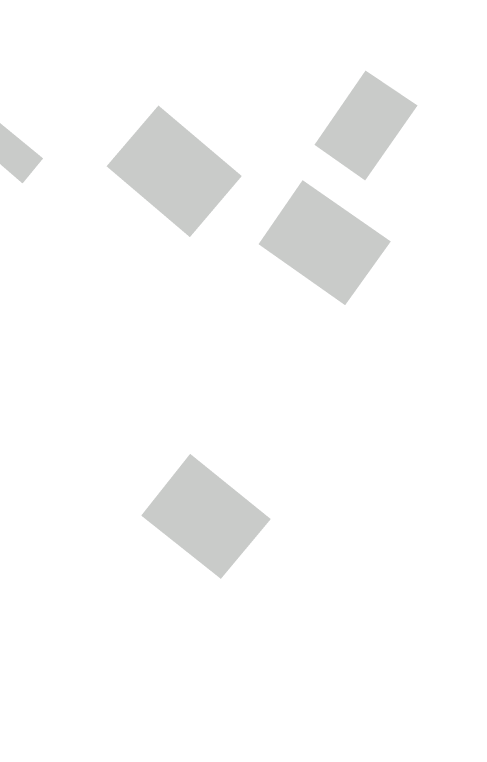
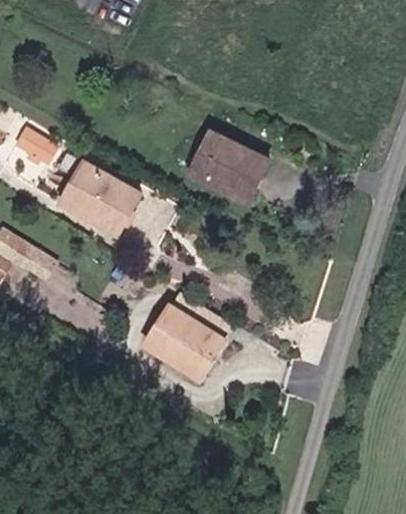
building: [313,70,418,182] -> none
building: [105,104,243,238] -> [60,160,142,235]

